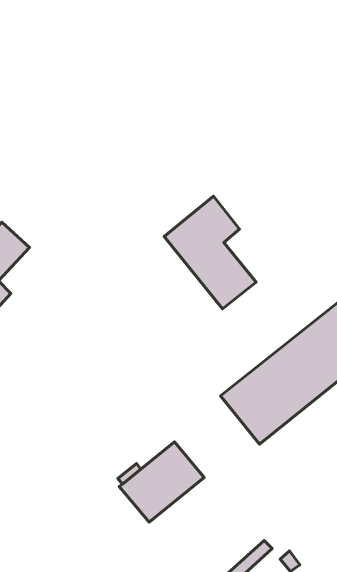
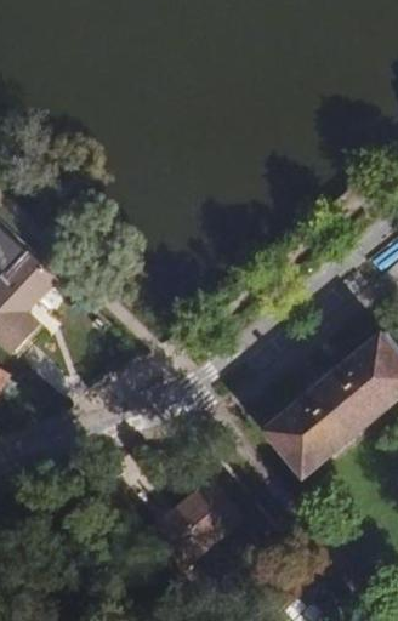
building: [164,196,256,309] -> none

